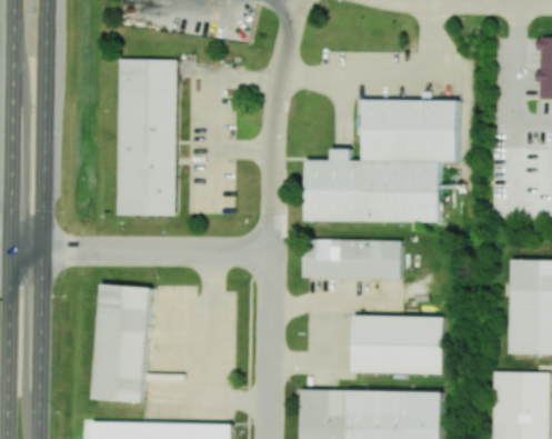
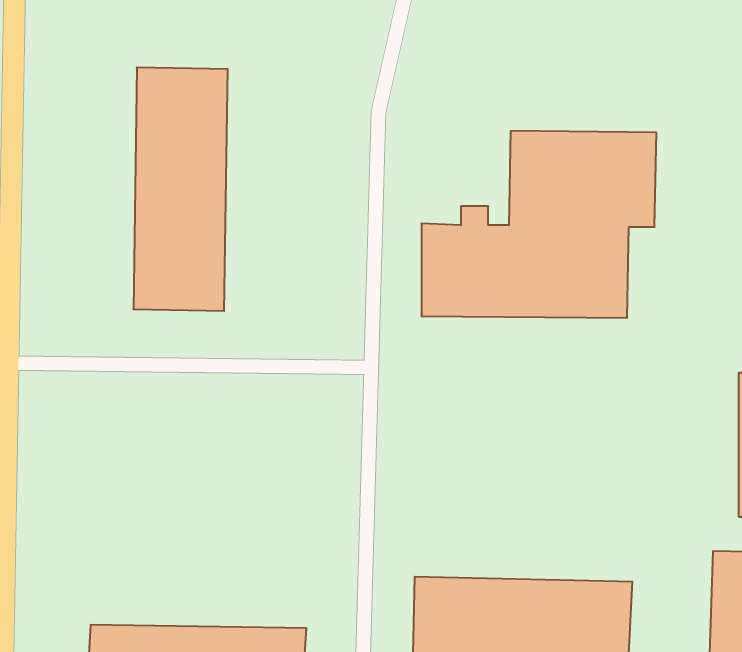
building: [302,239,400,279] -> none
building: [90,279,151,399] -> none
building: [351,315,443,375] -> none

